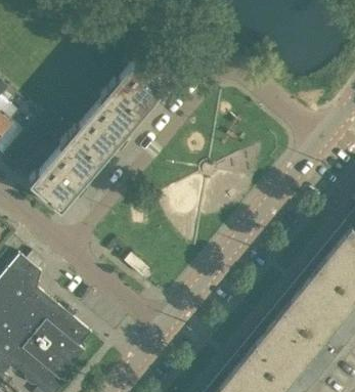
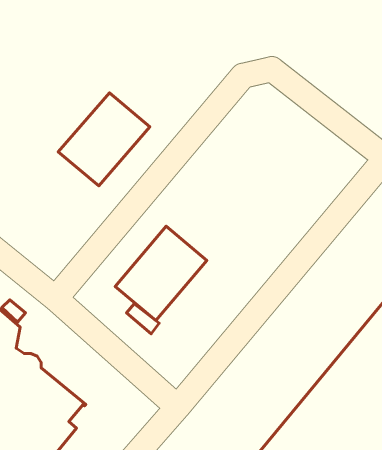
building: [110,43,182,117] -> none
building: [31,136,102,210] -> [115,226,207,321]

